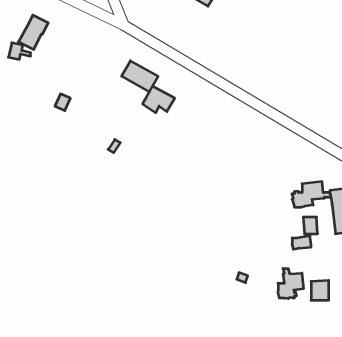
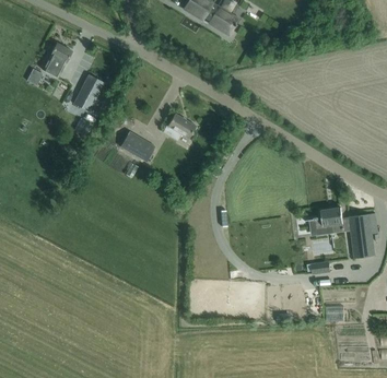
building: none -> [72,74,103,111]
building: [122,61,158,92] -> [118,131,154,162]
building: [278,268,303,299] -> none

